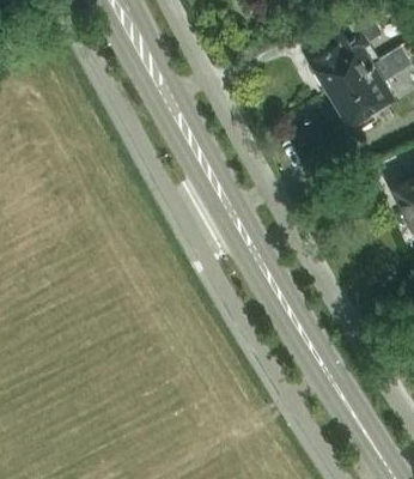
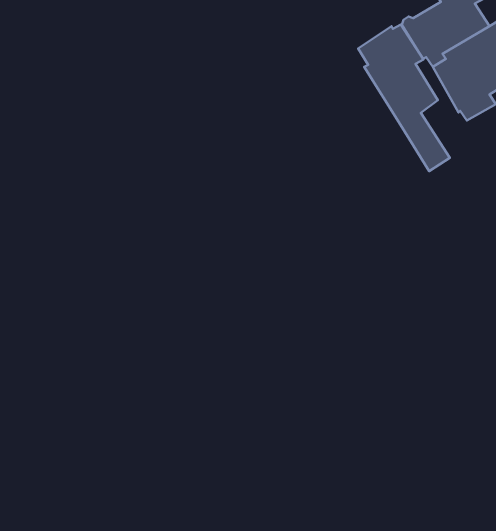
building: none -> [358,25,450,171]

